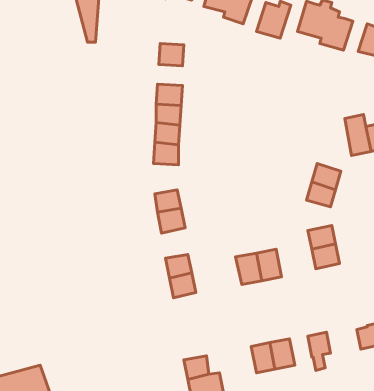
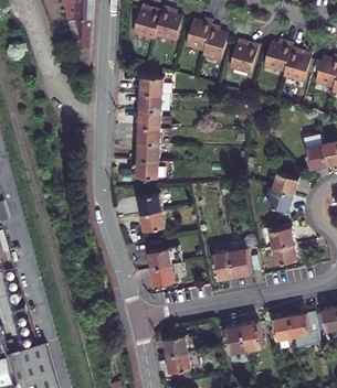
building: none -> [143,94,170,112]
building: none -> [284,312,314,348]

